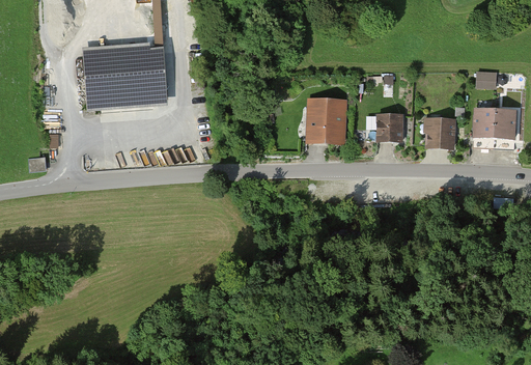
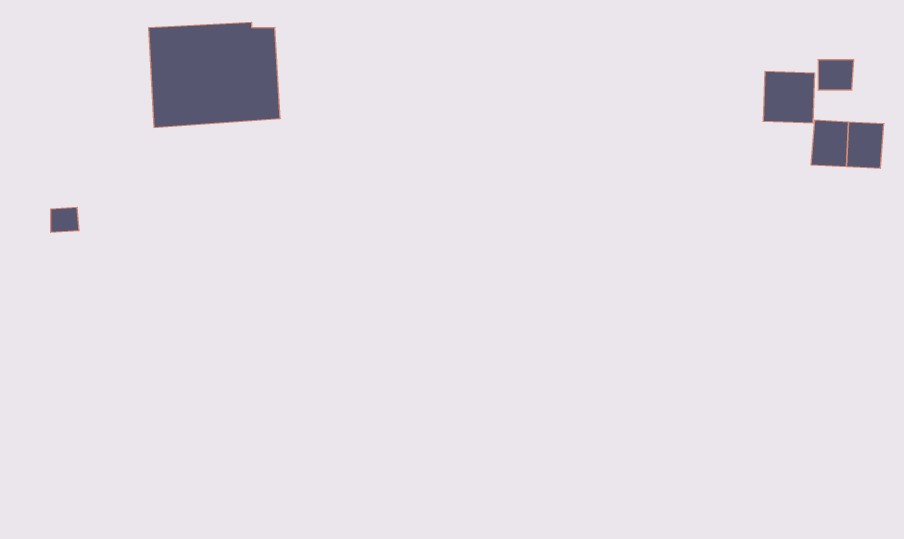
building: [307,106,345,150] -> none
building: [376,110,401,138] -> none
building: [423,115,453,145] -> [763,71,815,123]

